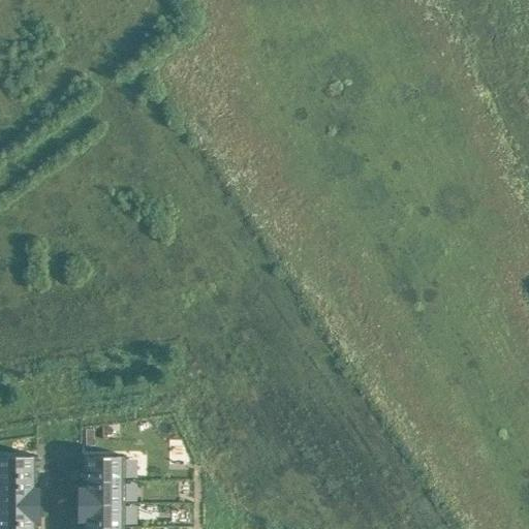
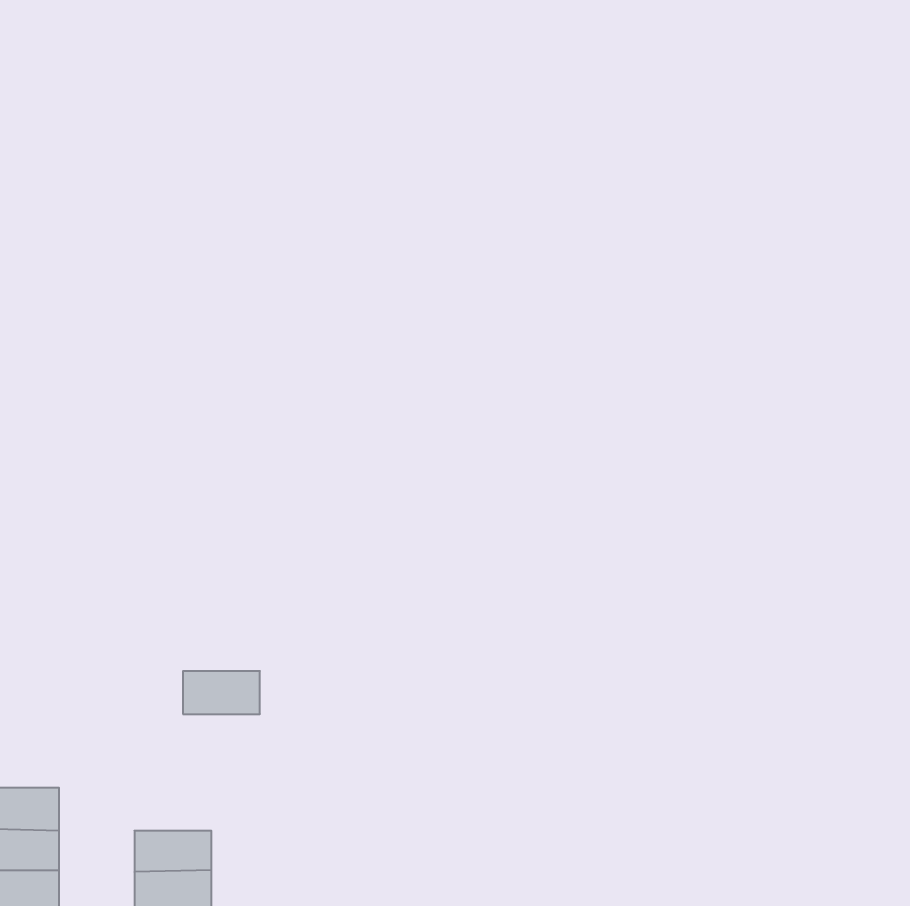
building: [77,460,122,485] -> [183,671,260,714]

